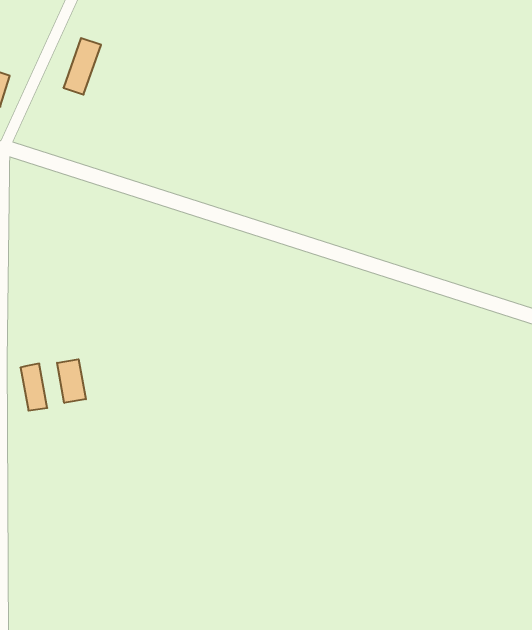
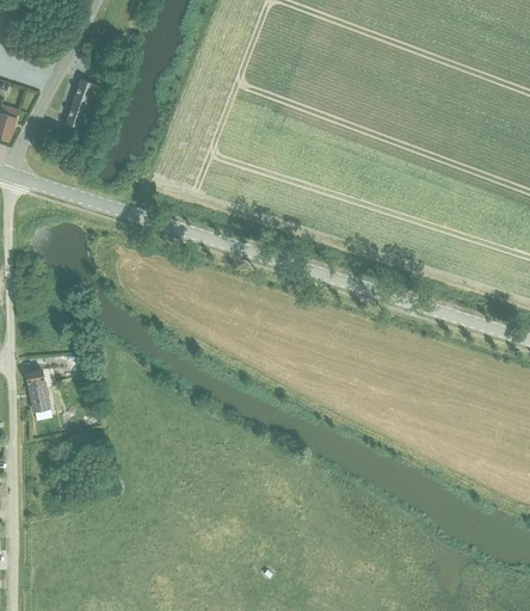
building: [57,359,86,403] -> none

